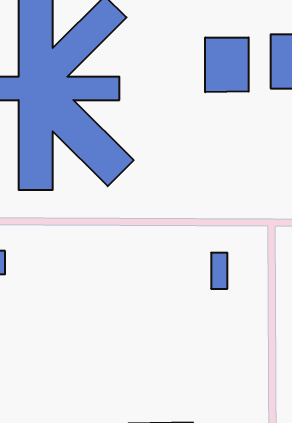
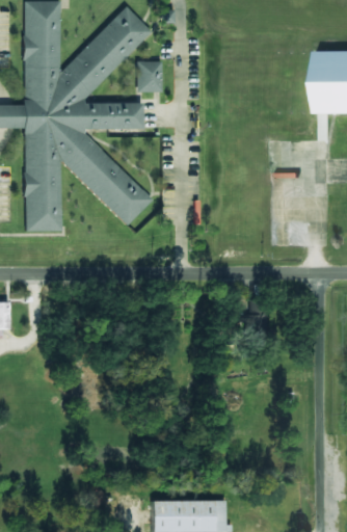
building: [205,37,249,92] -> none
building: none -> [137,62,160,91]

